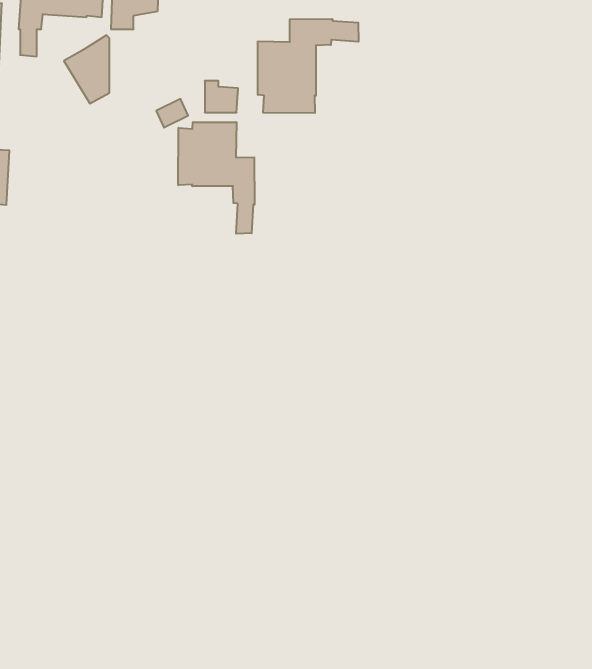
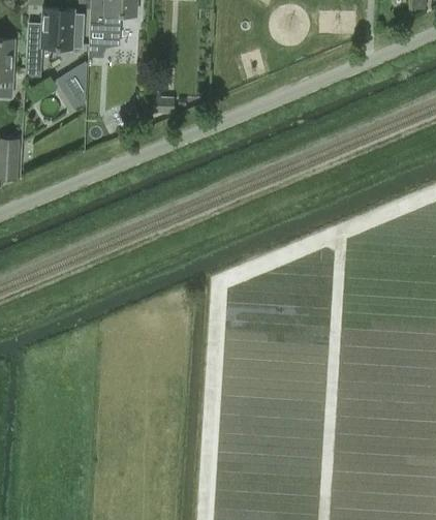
building: [258,19,359,113] -> none
building: [178,122,254,234] -> none

